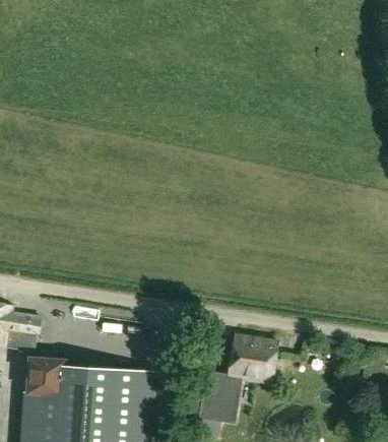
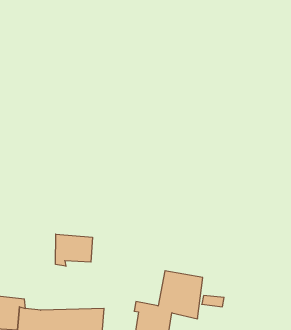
building: none -> [56,234,92,266]

